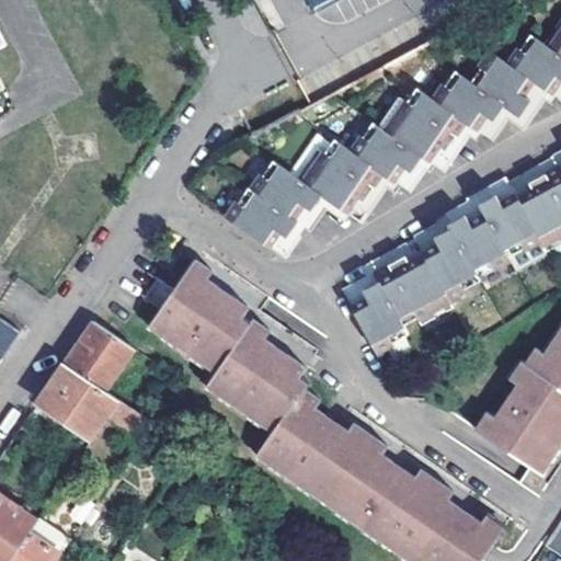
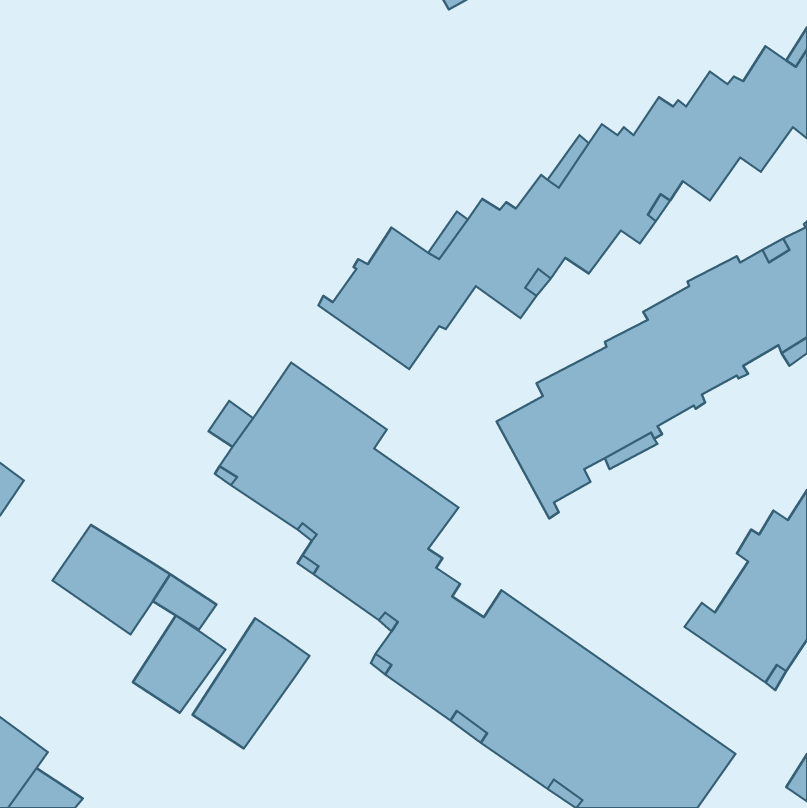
building: [62,319,133,388] -> none
building: none -> [133,616,226,713]
building: none -> [192,618,309,749]

